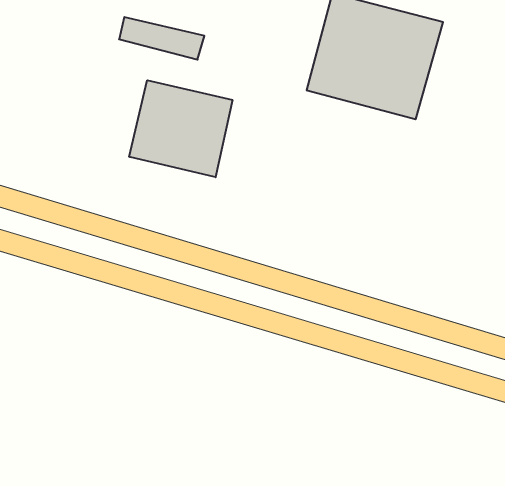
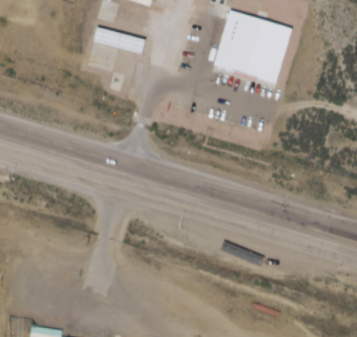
building: [129,80,232,177] -> none

